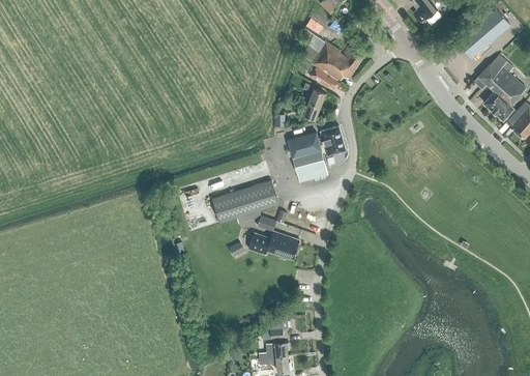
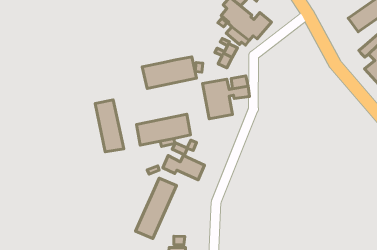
building: none -> [142,57,197,88]
building: none -> [95,100,124,152]
building: none -> [136,178,176,238]

